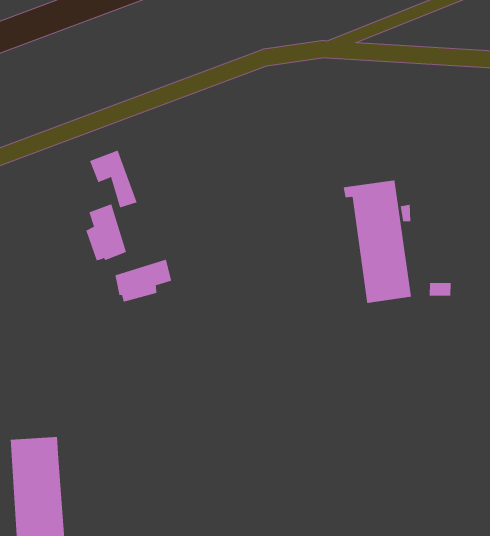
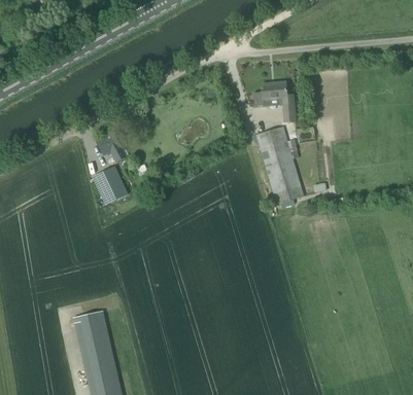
building: none -> [253,81,296,121]
building: [115,259,172,303] -> none

